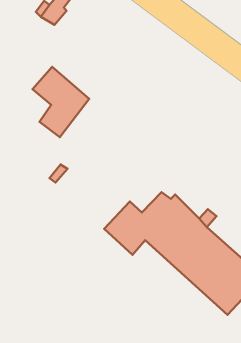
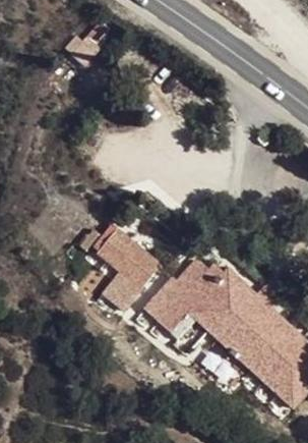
building: [32,67,89,137] -> [93,225,160,309]

